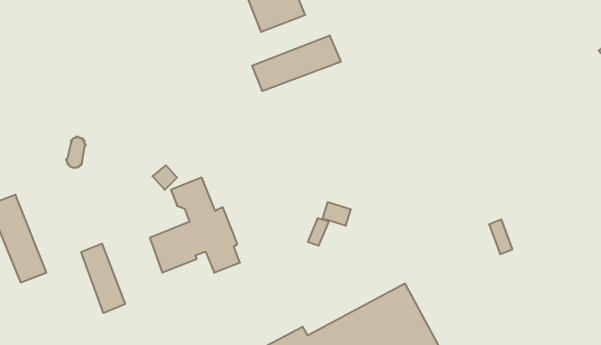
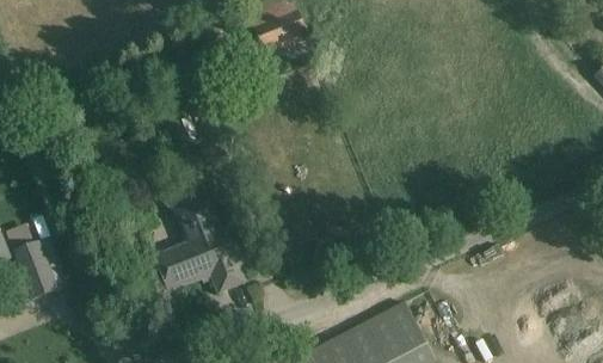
building: [252,35,341,91] -> none
building: [81,244,125,313] -> none

